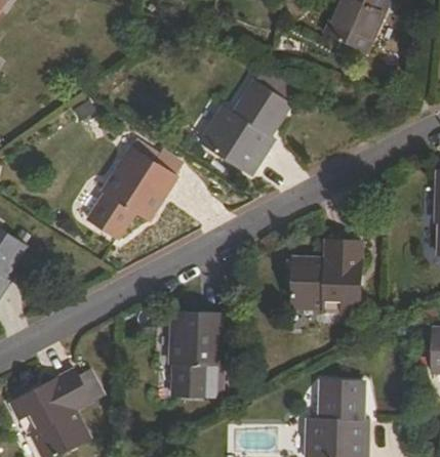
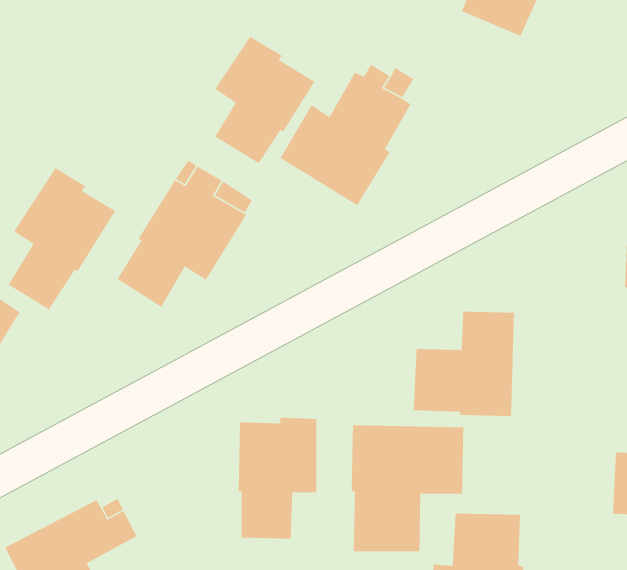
building: none -> [214,36,315,164]
building: none -> [8,167,116,310]
building: none -> [351,424,464,552]

